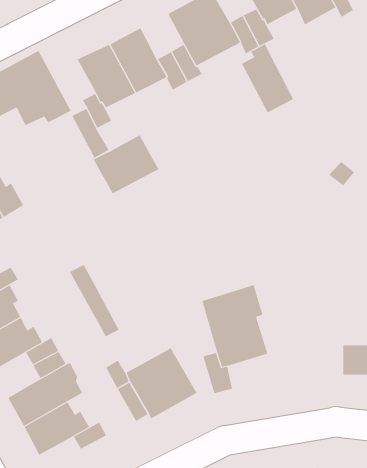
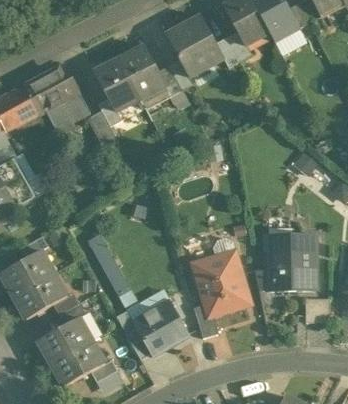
building: [241,44,294,113] -> none
building: [93,134,159,194] -> none
building: none -> [264,234,316,290]

